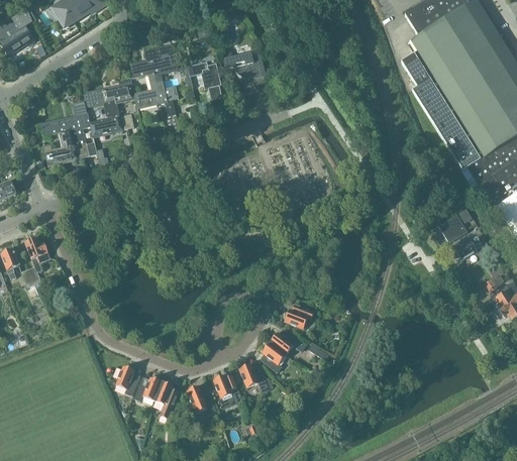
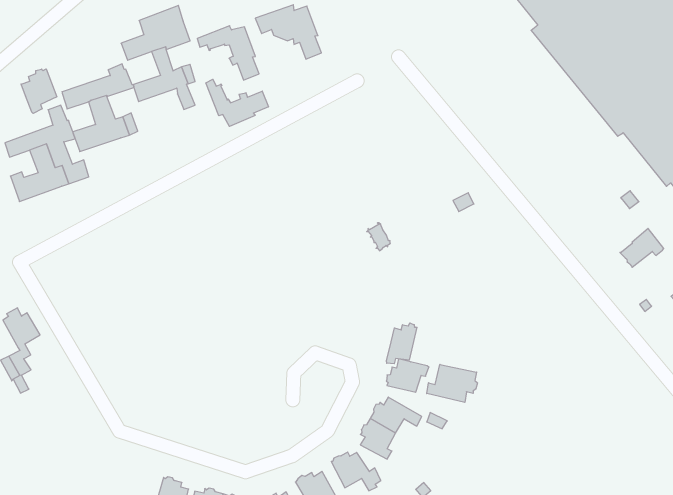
building: none -> [21,69,57,113]
building: none -> [206,79,268,126]
building: [439,214,468,241] -> none
building: none -> [387,323,417,364]
building: none -> [427,364,477,402]

